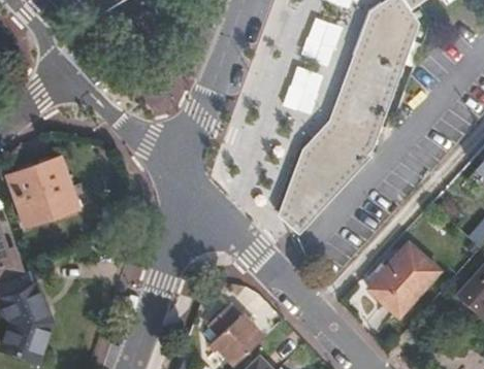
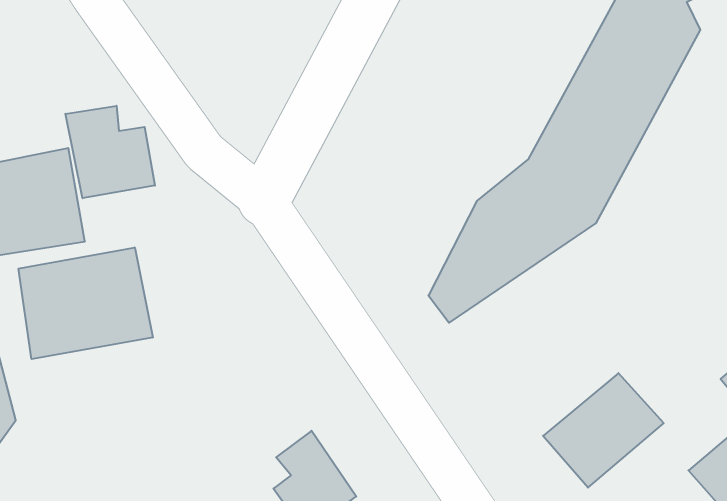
building: none -> [65,106,155,198]
building: none -> [19,247,153,359]

